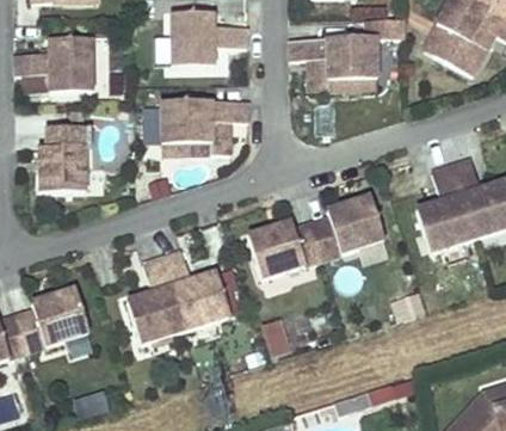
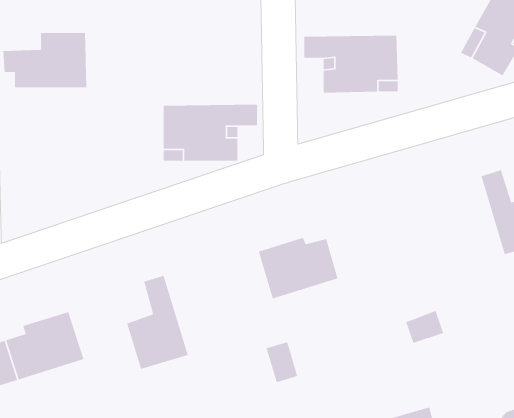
building: [172,11,248,62] -> none
building: [39,128,86,191] -> none
building: [418,166,475,253] -> none
building: [313,197,384,260] -> none
building: [163,251,230,331] -> none

